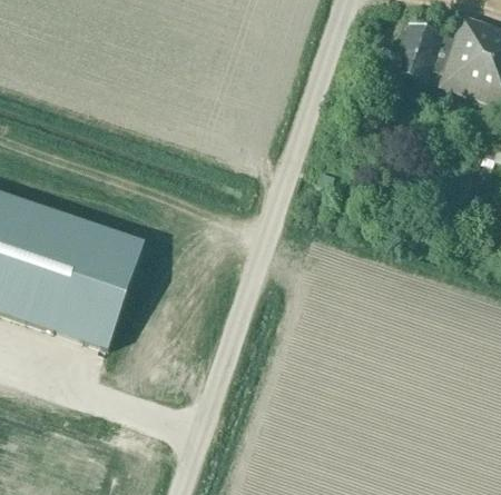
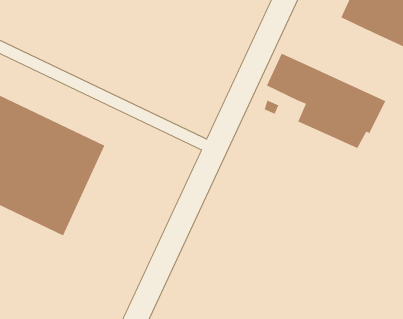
building: none -> [266,53,386,149]

